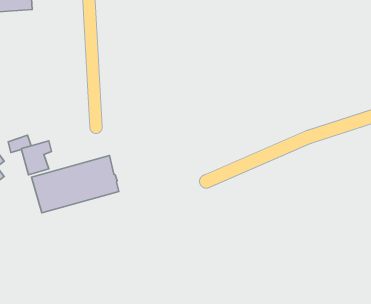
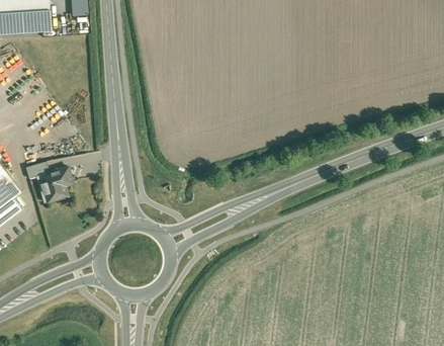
building: [31,156,119,213] -> none

